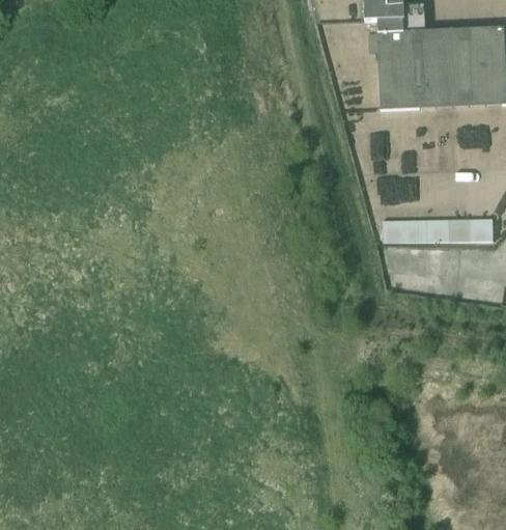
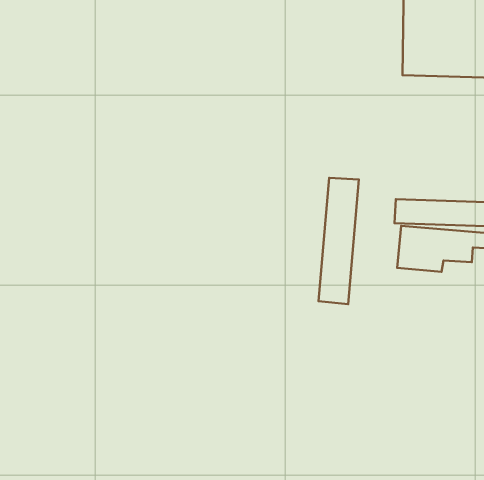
building: none -> [319,178,359,304]

